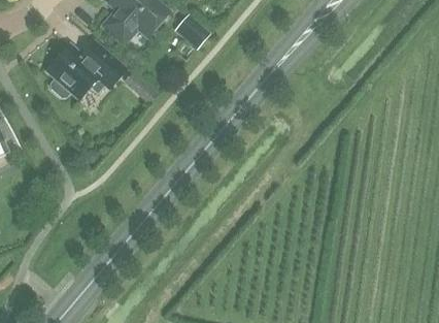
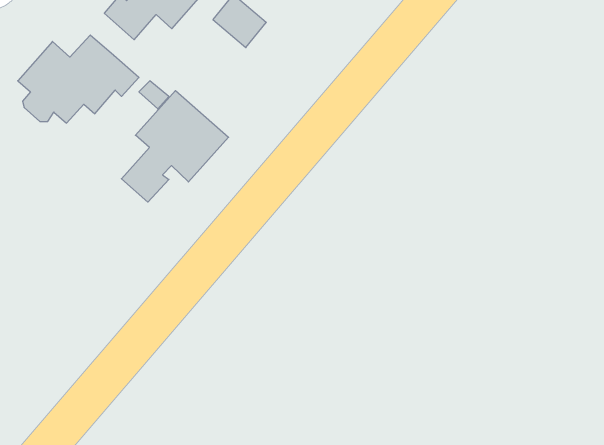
building: none -> [121,91,229,202]

